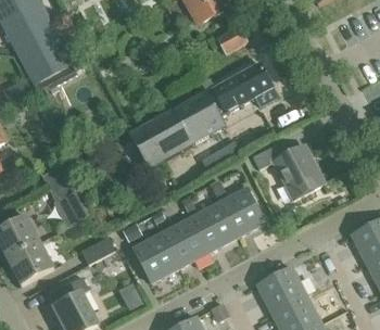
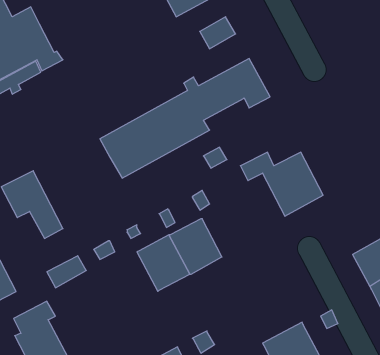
building: [218,188,265,237] -> none
building: [132,232,179,282] -> none
building: [256,266,306,313] -> none

